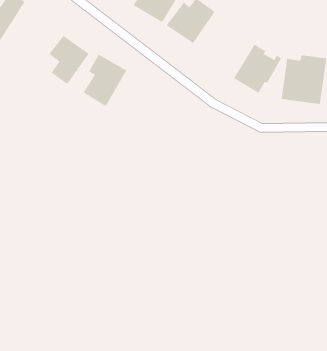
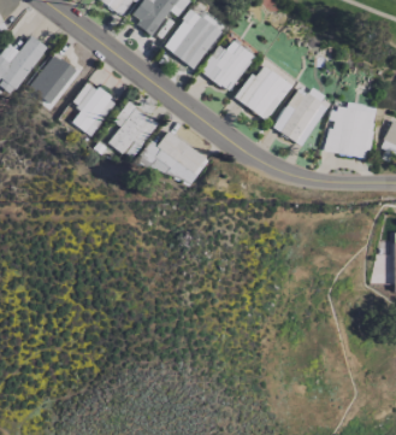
building: none -> [29,53,82,107]
building: none -> [236,64,291,120]
building: none -> [142,127,209,189]

